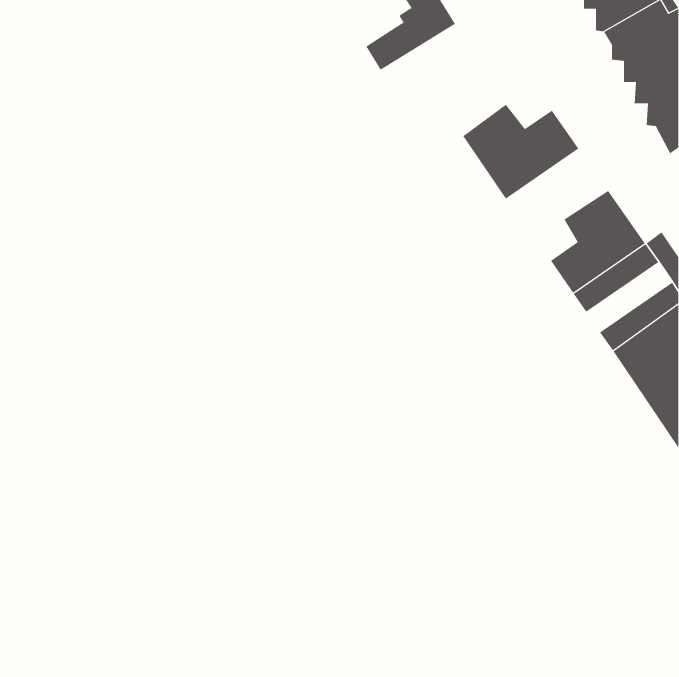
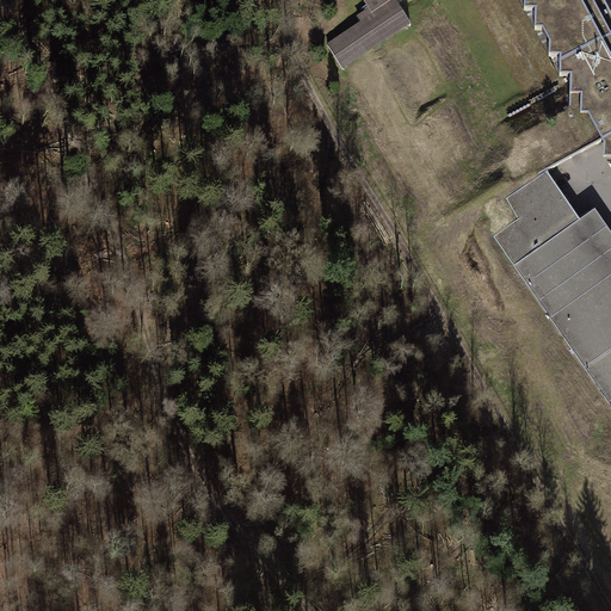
building: [462,104,579,200] -> none
building: none -> [526,235,604,298]

